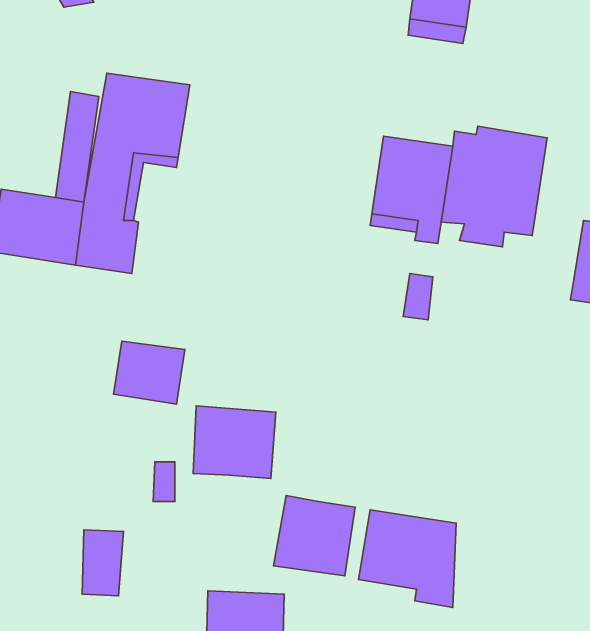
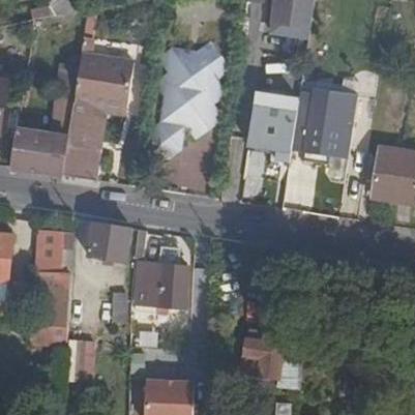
building: none -> [157,48,223,149]
building: none -> [30,230,73,346]
building: [274,495,355,576] -> none

